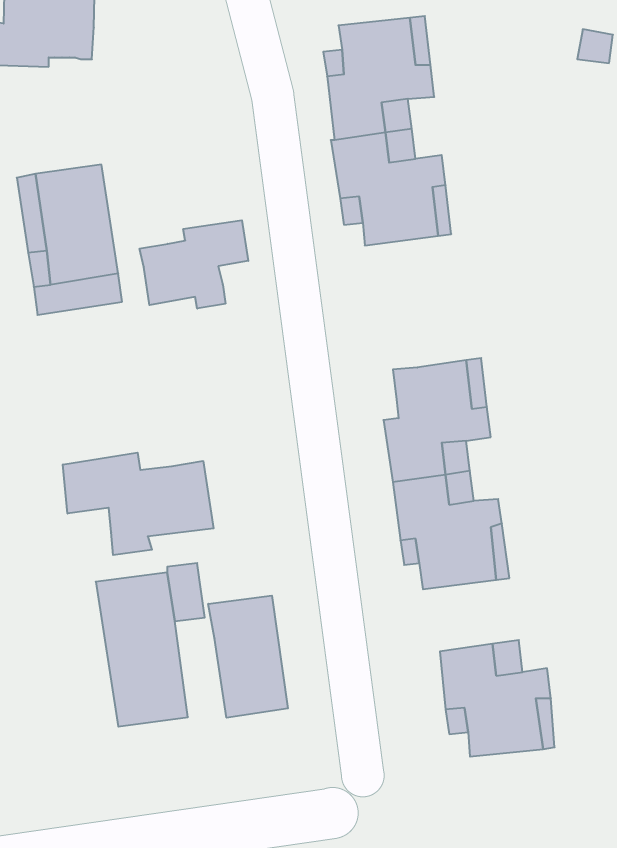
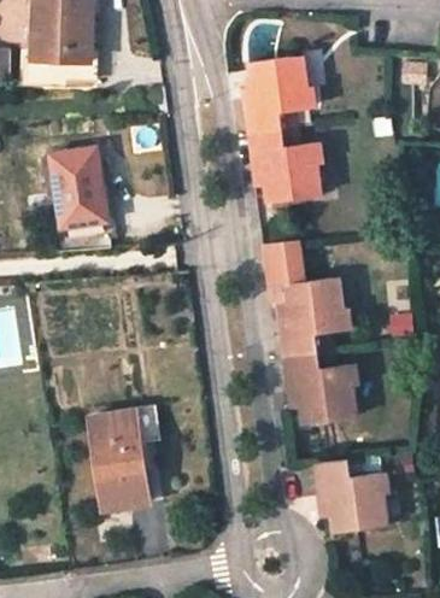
building: [140,220,248,309] -> none
building: none -> [260,240,298,303]
building: [63,453,214,555] -> none
building: [208,596,288,718] -> none

